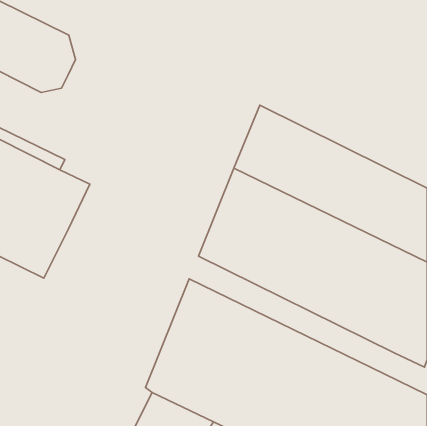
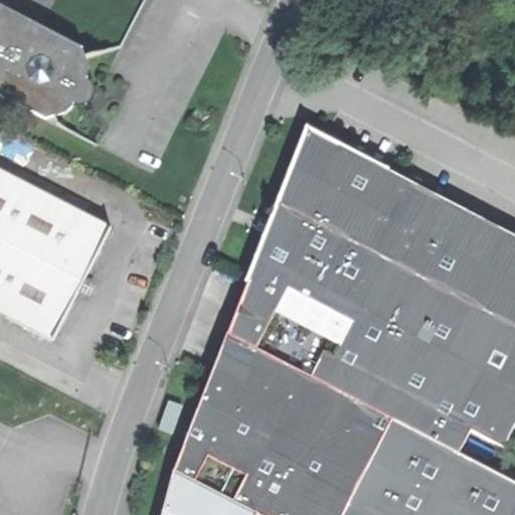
building: none -> [226,311,472,452]

